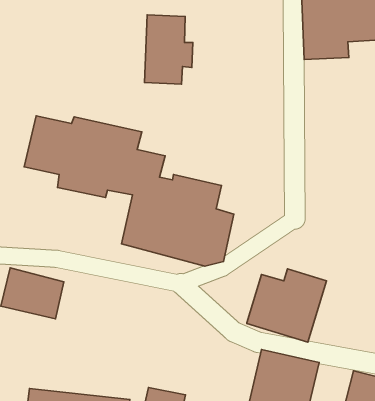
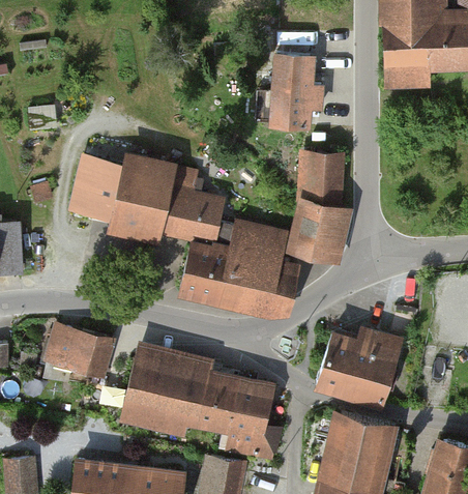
building: [144,15,193,84] -> [272,58,326,136]
building: none -> [287,150,356,264]
building: none -> [119,342,285,466]

